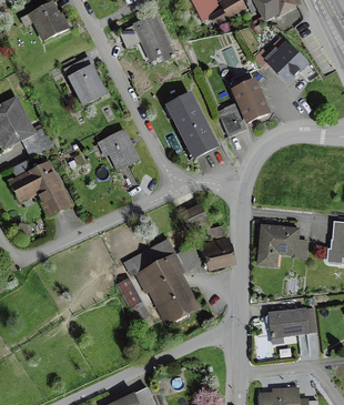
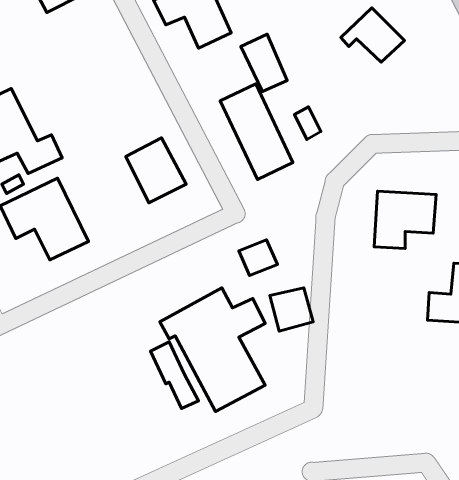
building: [62,55,107,107] -> none
building: [229,80,262,121] -> [241,34,287,91]
building: [255,224,300,265] -> [374,191,436,248]
building: [267,305,316,338] -> none

